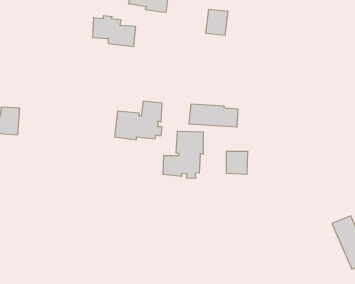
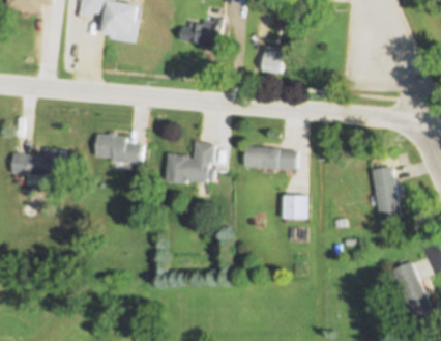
building: [92,16,136,46] -> [96,132,142,164]
building: none -> [371,166,400,220]
building: [163,131,203,178] -> none

